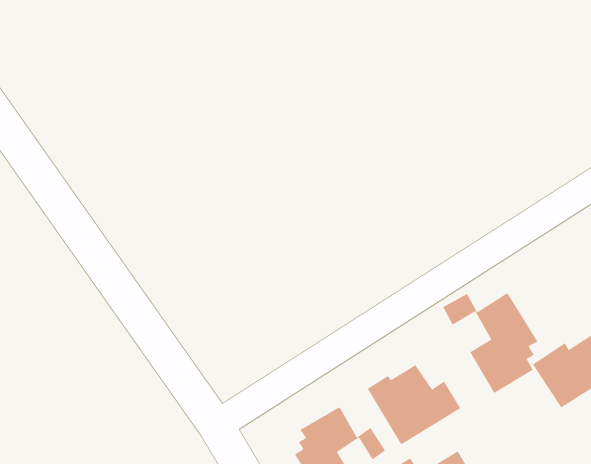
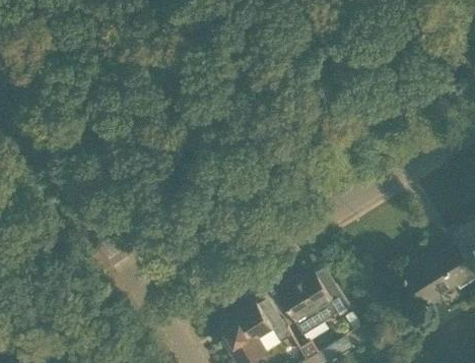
building: [442,293,538,394] -> none

